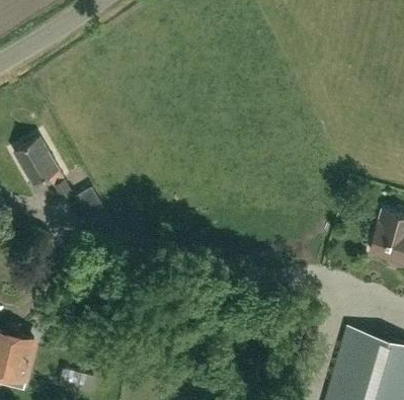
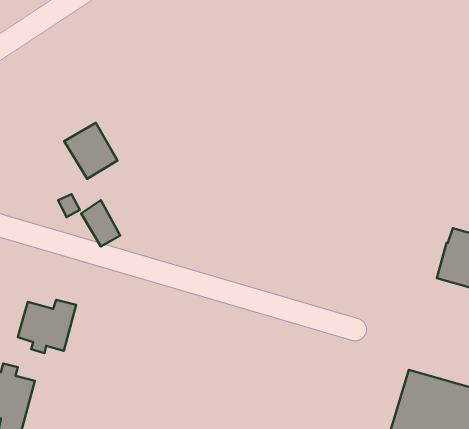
building: [13,138,58,184] -> [64,123,118,179]
building: none -> [18,300,76,353]

